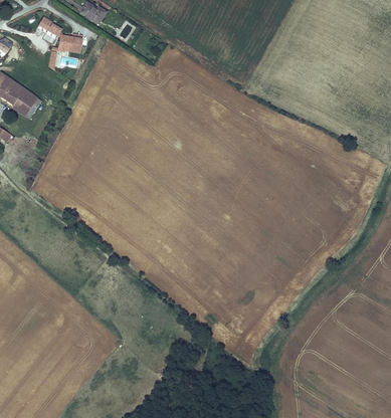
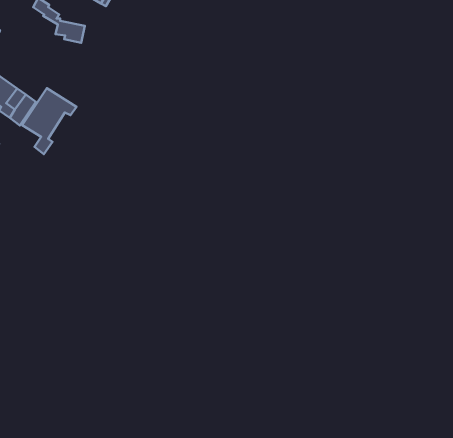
building: none -> [22,88,76,154]

